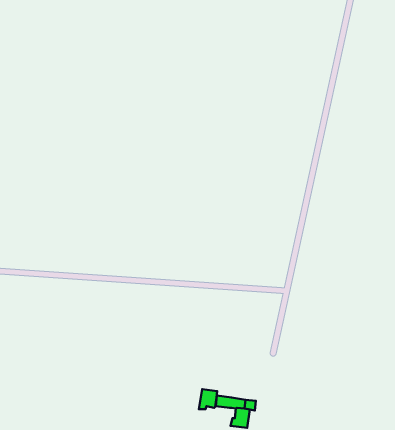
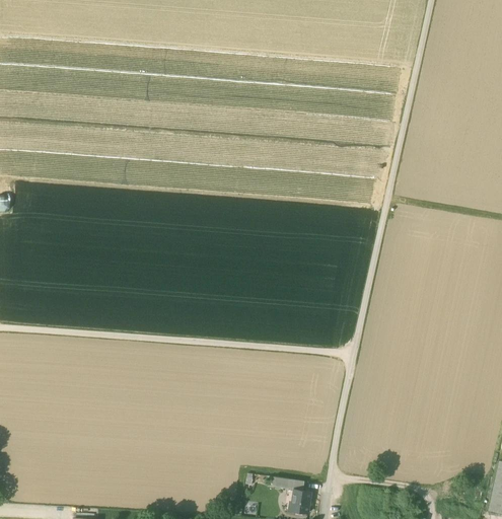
building: [199,389,217,409] -> none

